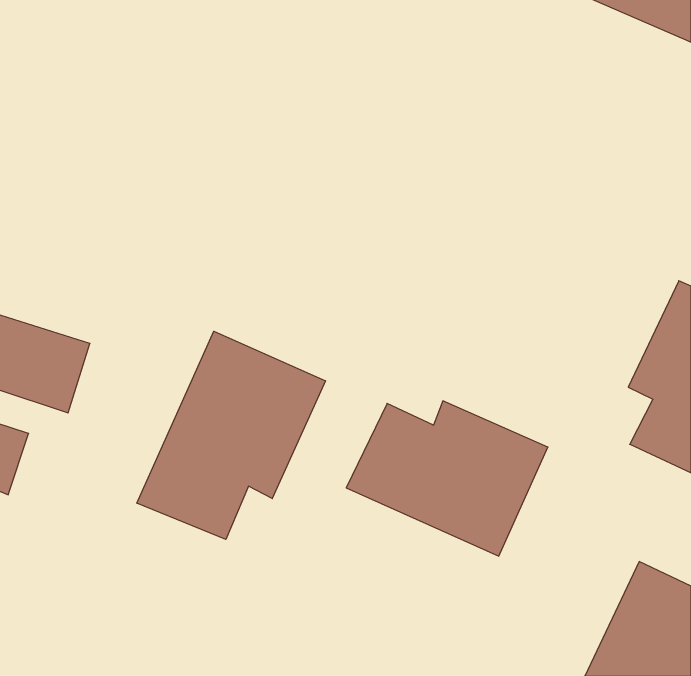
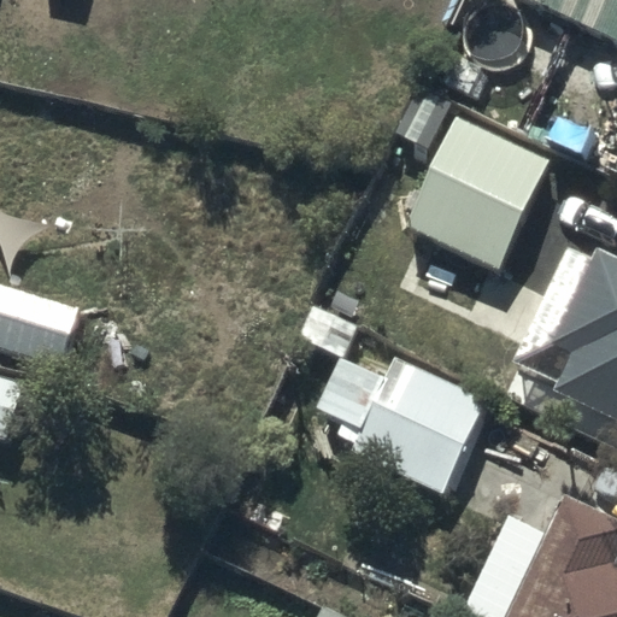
building: none -> [404,117,550,272]
building: [137,331,325,539] -> none

